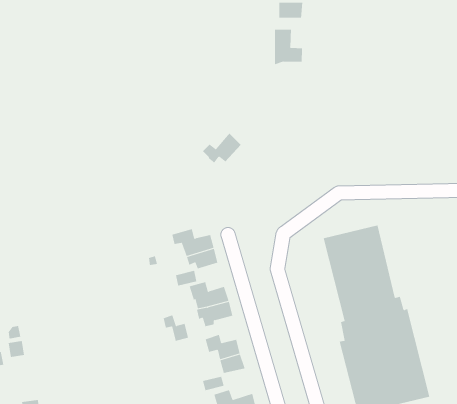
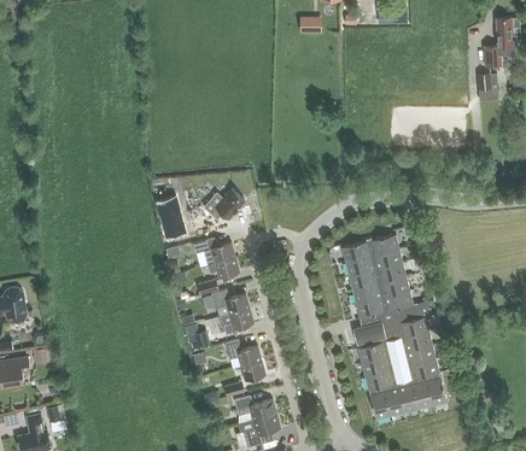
building: [274,29,303,65] -> none
building: [202,133,241,163] -> [205,188,244,218]
building: none -> [156,195,185,235]

